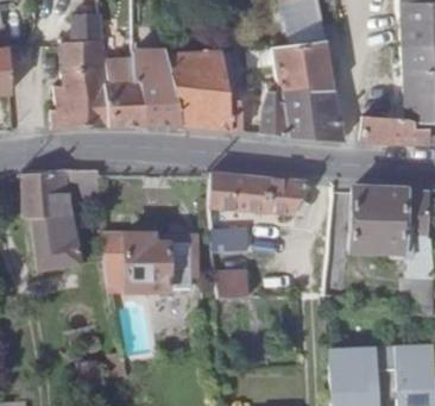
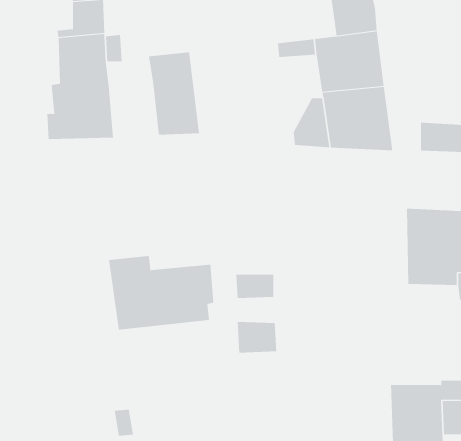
building: [170,52,240,132] -> none
building: [103,83,144,129] -> none
building: [207,168,311,227] -> none
building: [20,170,97,271] -> none

